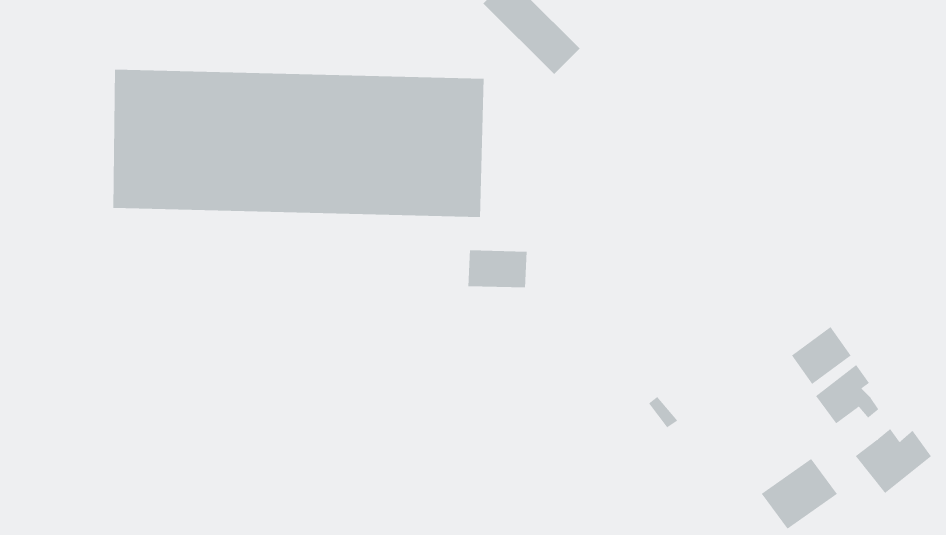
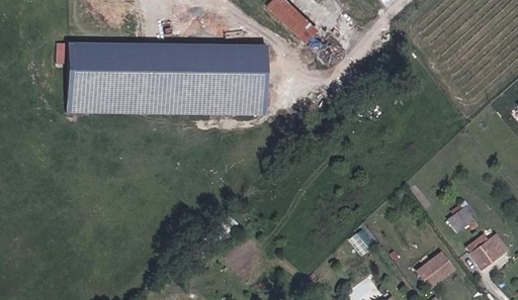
building: [468,250,527,288] -> none
building: [791,326,851,385] -> none

